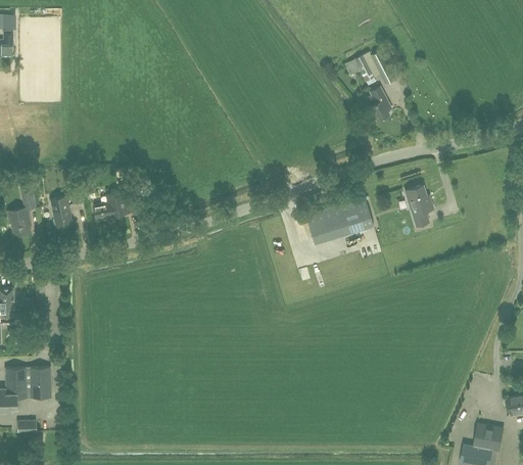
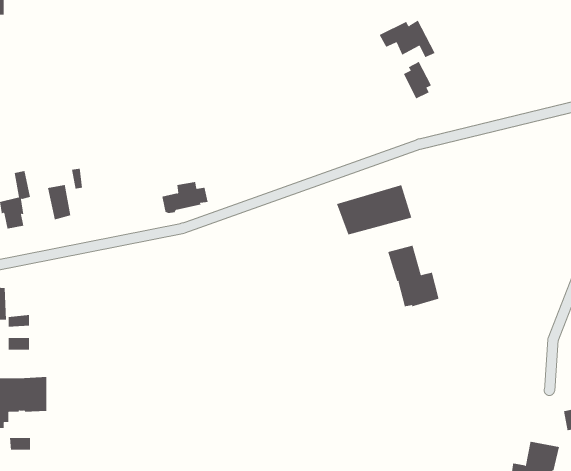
building: [405,185,433,227] -> none
building: [93,192,135,221] -> [161,181,209,214]
building: none -> [387,245,439,307]

